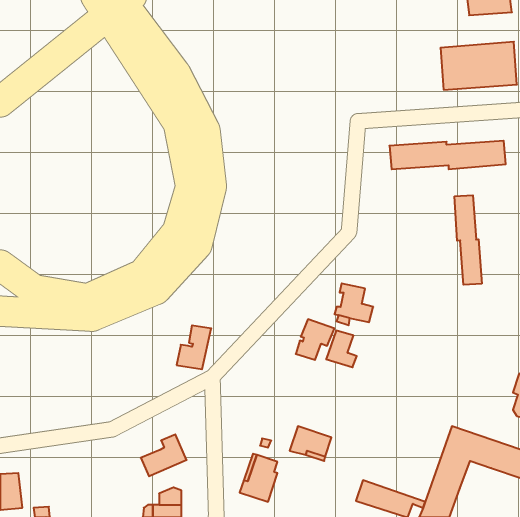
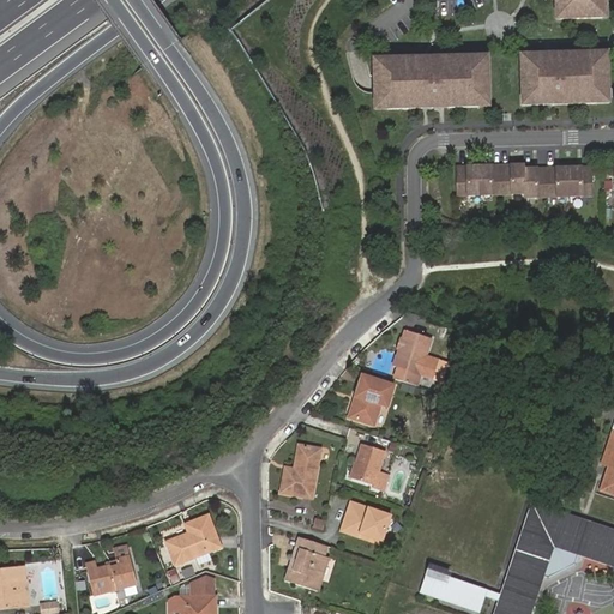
building: none -> [373,59,490,118]
building: [455,195,482,285] -> none
building: [177,325,211,369] -> [281,443,321,494]
building: [326,331,357,367] -> [350,443,386,486]
building: none -> [542,542,579,576]
building: none -> [88,544,138,591]

